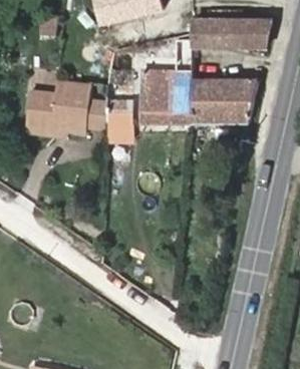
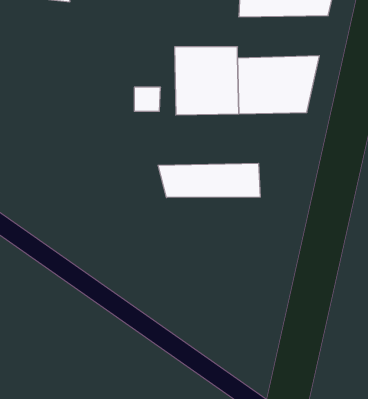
building: [29,83,105,133] -> none
building: none -> [158,163,260,198]

